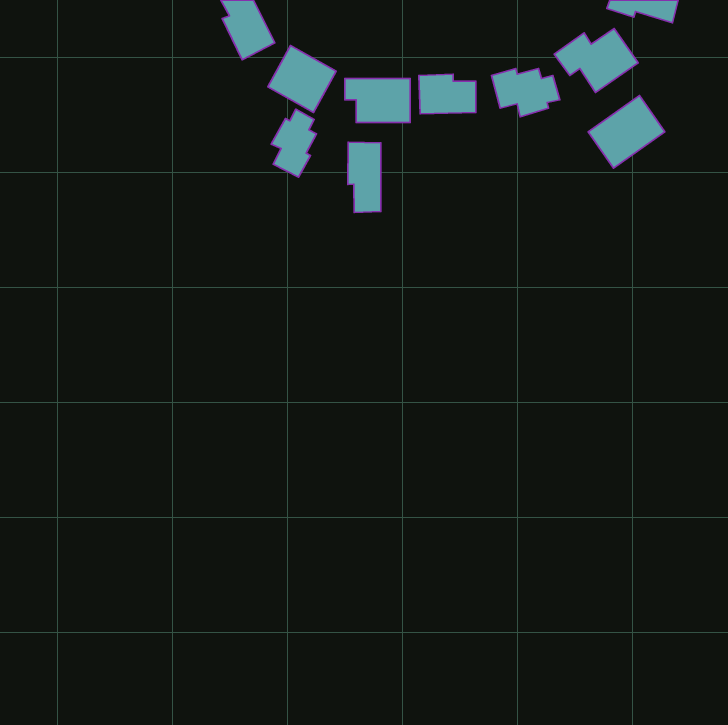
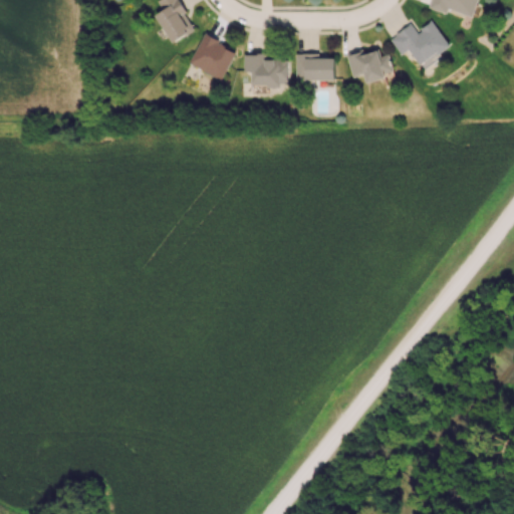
building: [588,96,665,168] -> none
building: [271,109,316,177] -> none
building: [348,142,381,212] -> none

